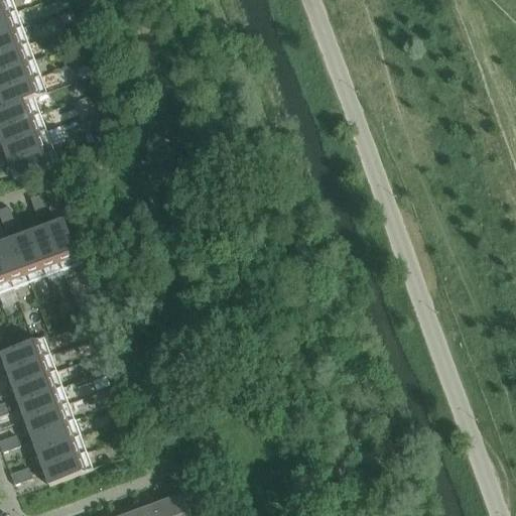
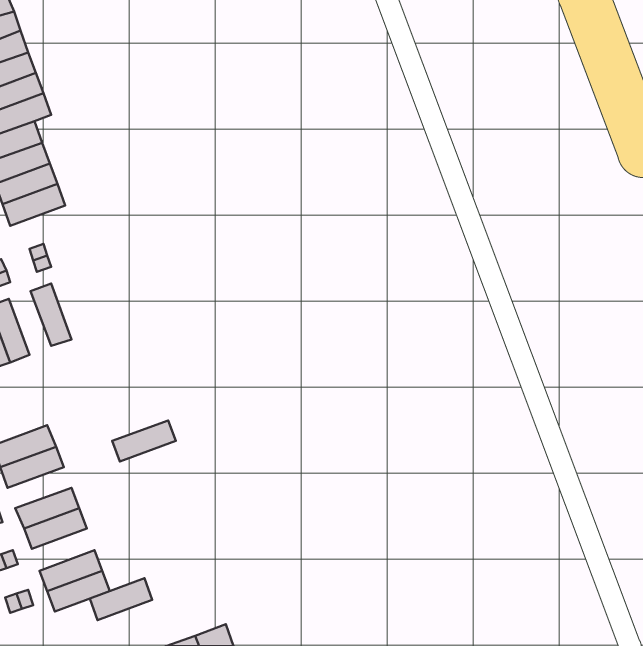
building: [40,218,74,268] -> none
building: [7,230,40,280] -> none
building: [6,369,56,401] -> [112,421,176,461]
building: [25,417,75,450] -> [90,578,152,620]

